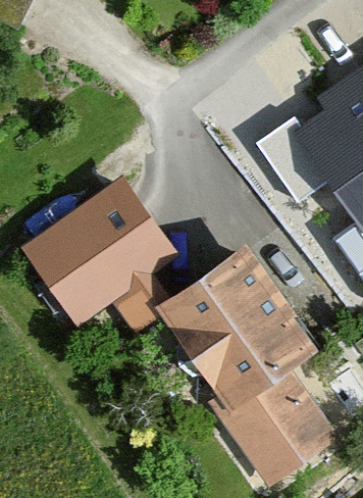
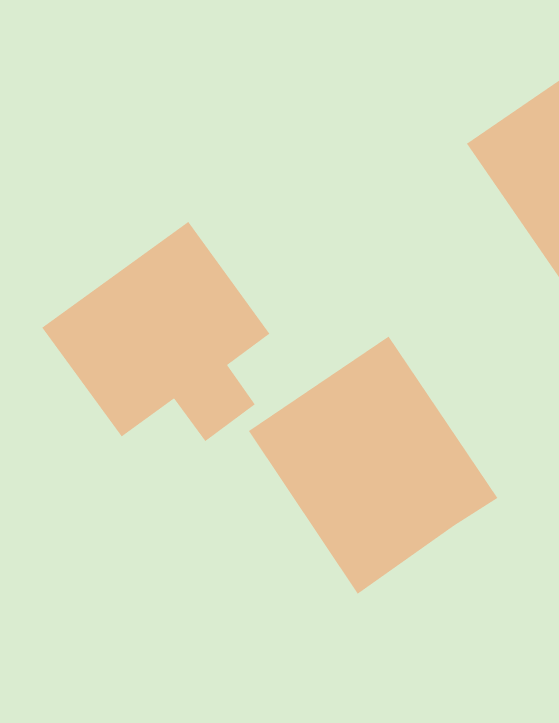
building: [225,367,334,477] -> none

